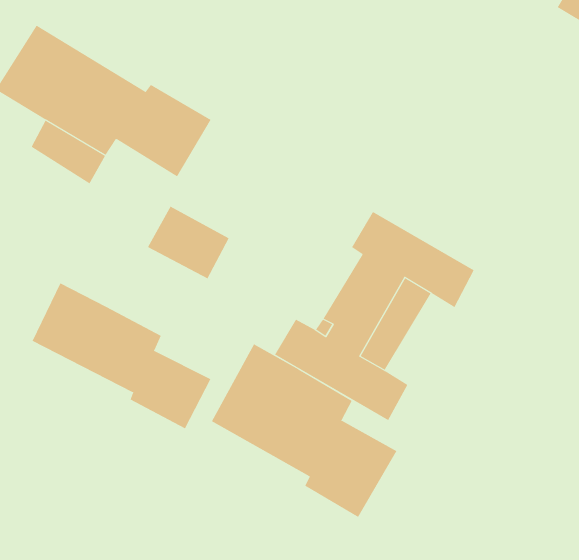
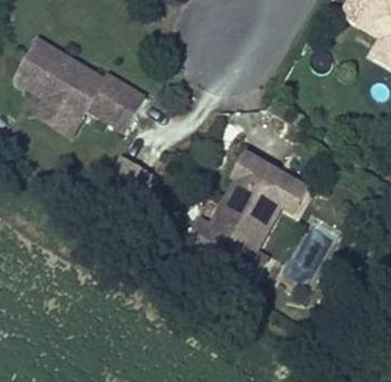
building: [32,282,211,429] -> none
building: [211,343,397,518] -> none

